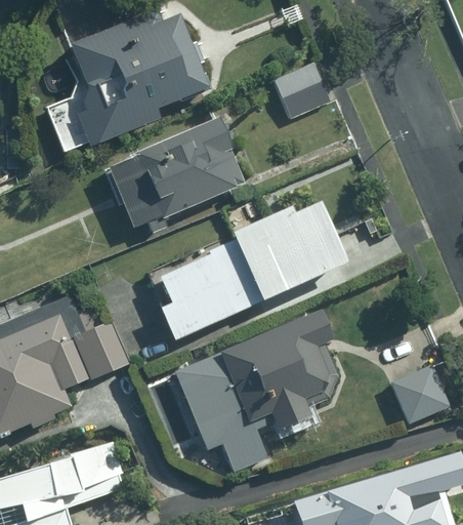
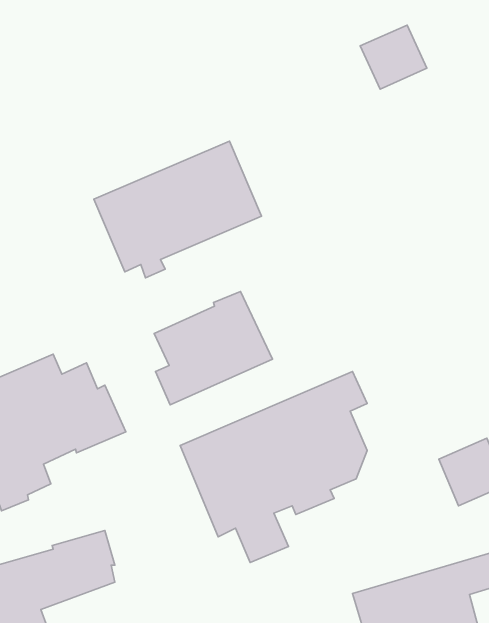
building: [64,13,199,147] -> none
building: [276,64,331,117] -> [360,25,427,89]
building: [223,206,338,301] -> none

